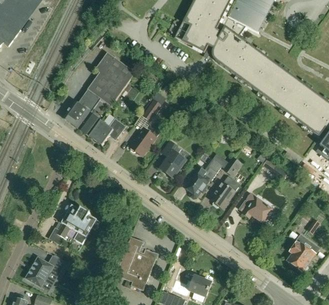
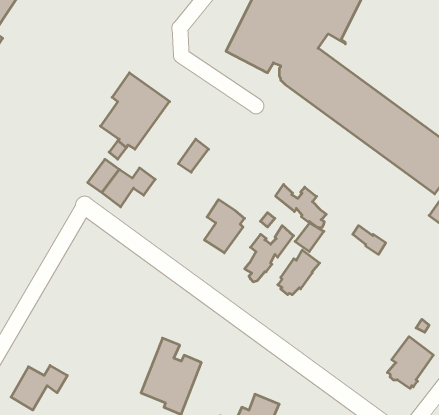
building: [63,99,90,127] -> none
building: [130,127,157,155] -> none
building: none -> [276,184,326,228]
building: [239,193,275,221] -> none
building: [50,205,100,244] -> none

